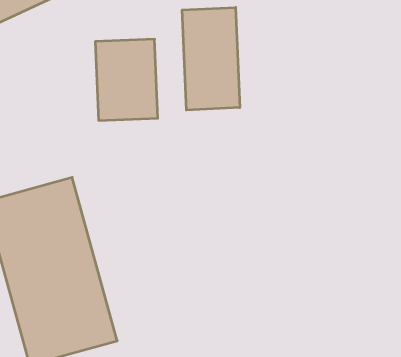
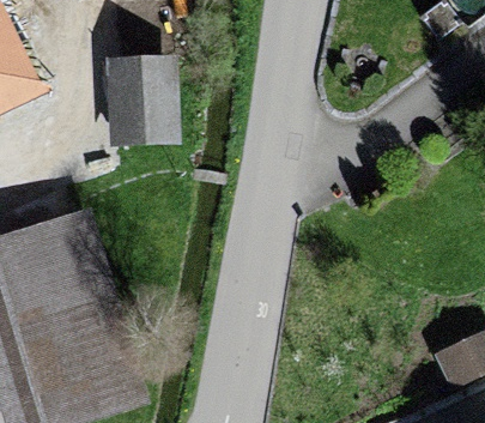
building: [182,7,240,110] -> none

